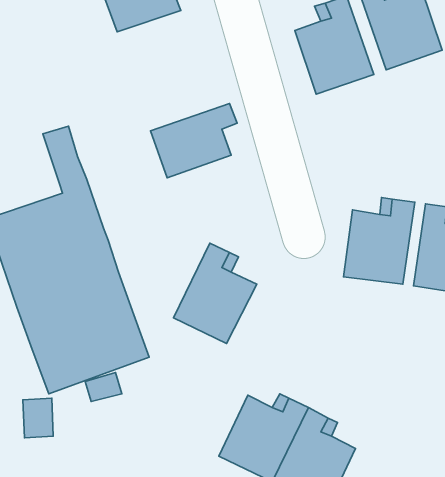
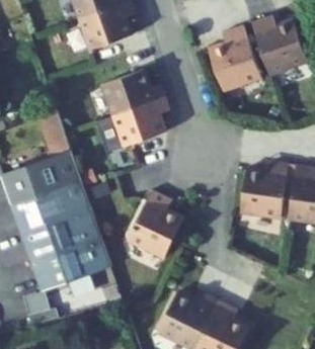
building: none -> [101,71,164,116]

